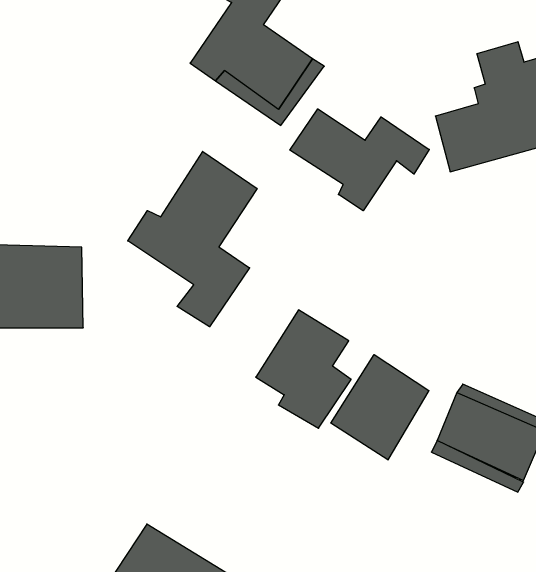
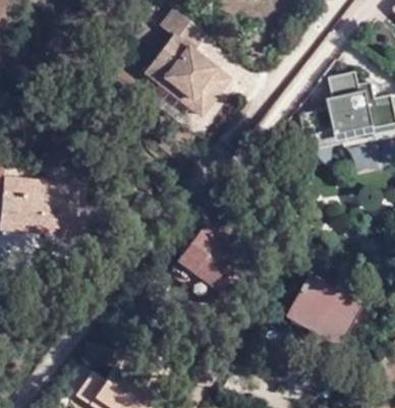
building: [290,109,429,211] -> none
building: [128,151,257,327] -> none
building: [331,355,429,460] -> none

